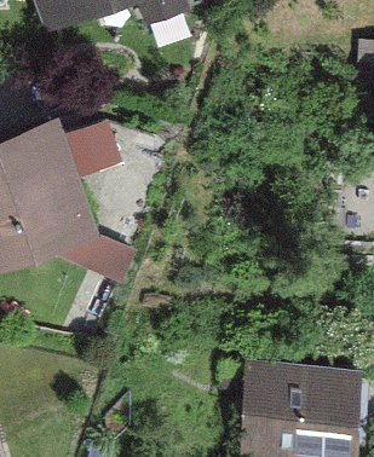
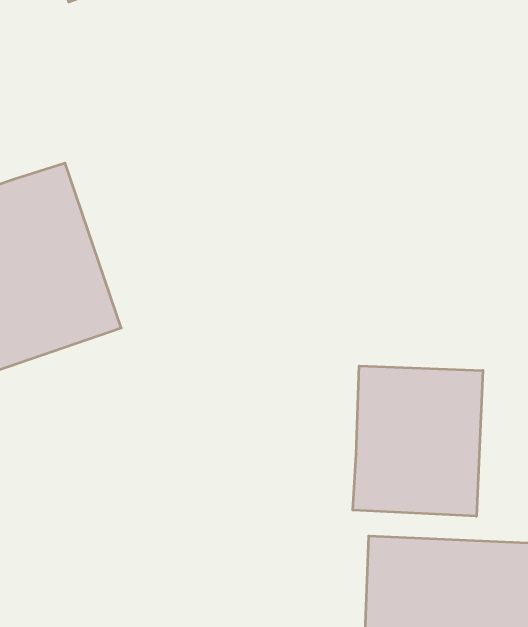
building: none -> [353,366,483,516]

